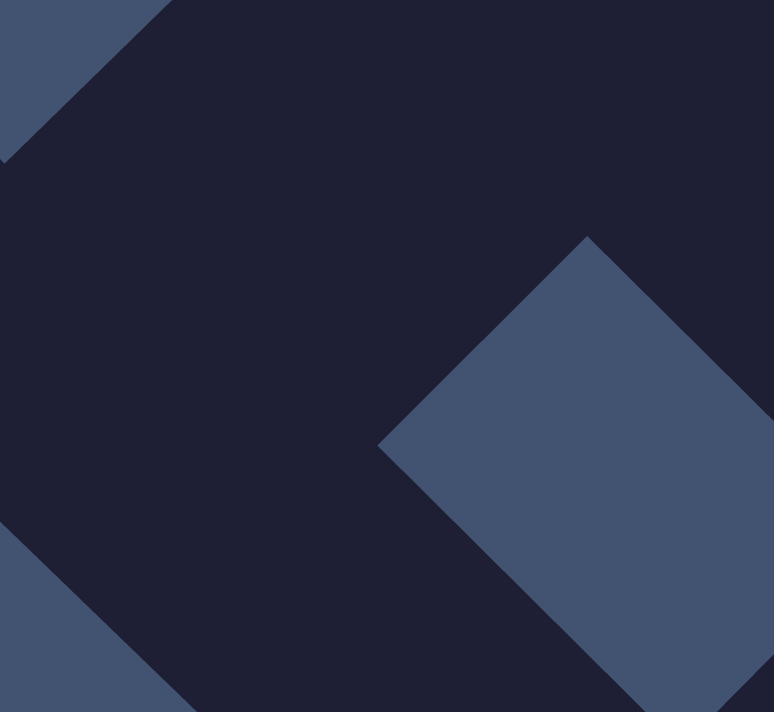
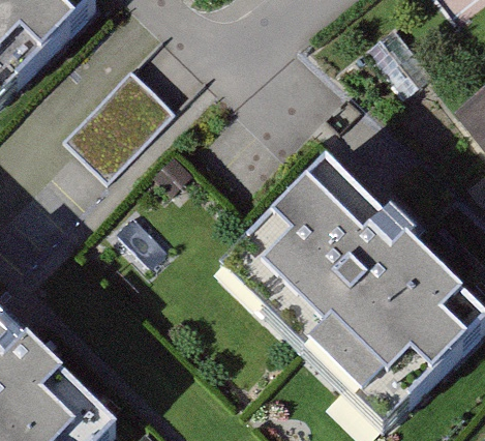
building: none -> [57,65,166,173]

